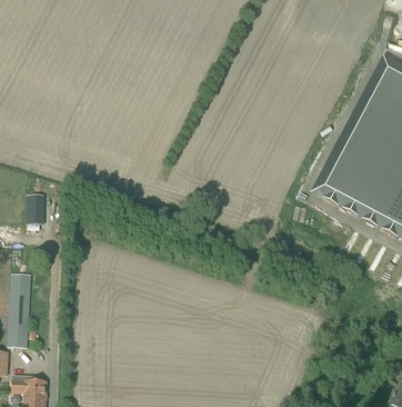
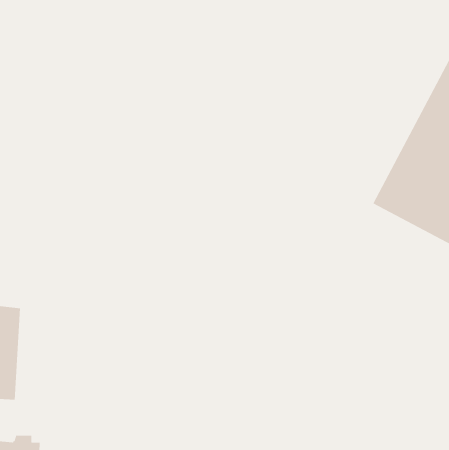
building: [27,193,44,224] -> none

